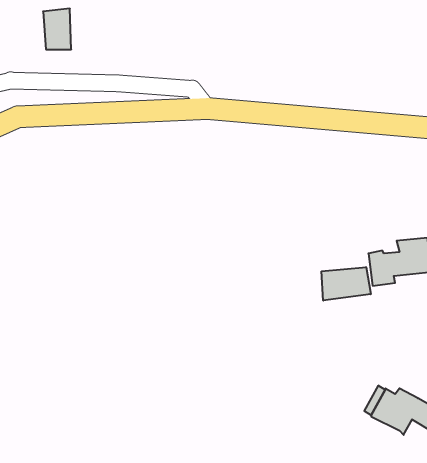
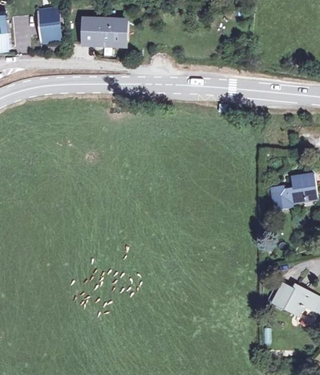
building: none -> [81,16,123,47]
building: [322,267,371,301] -> none

